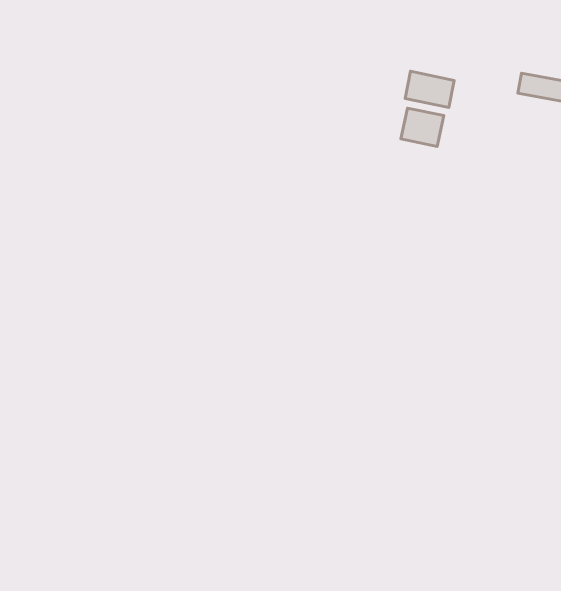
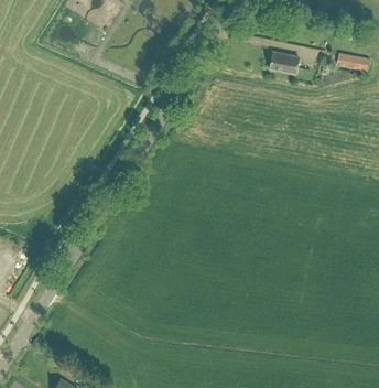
building: [401,108,444,146] -> none

